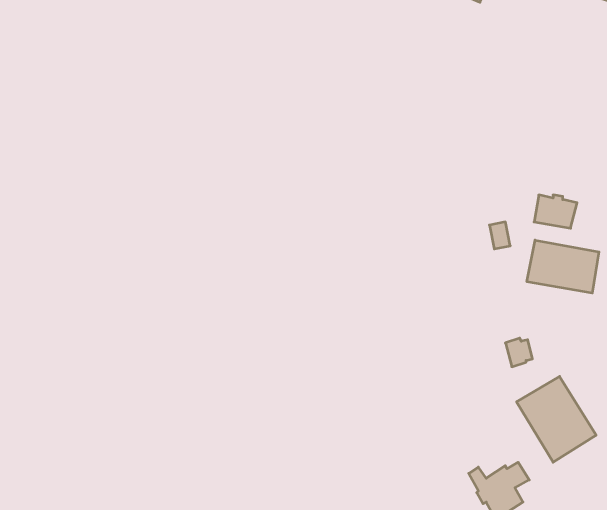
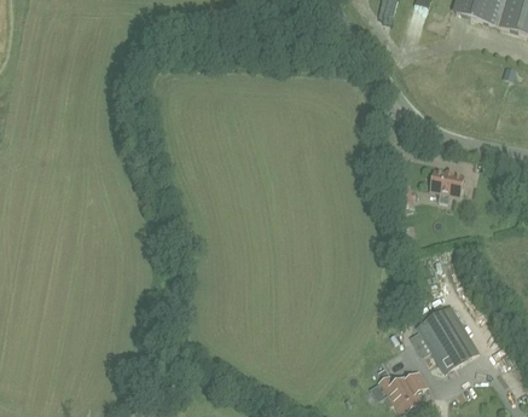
building: [527,240,599,293] -> none

